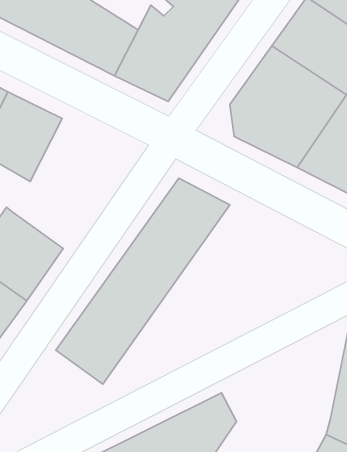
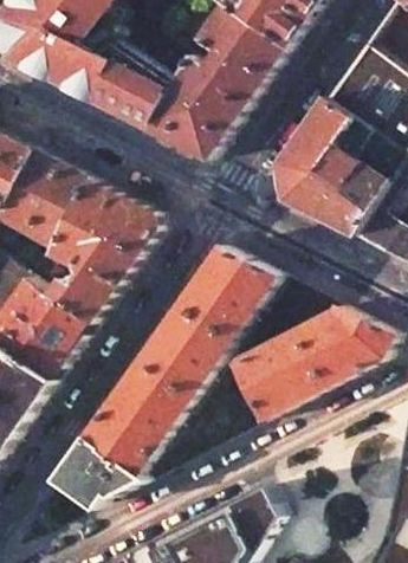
building: none -> [33,179,156,323]
building: none -> [231,305,391,420]
building: none -> [54,435,141,503]

